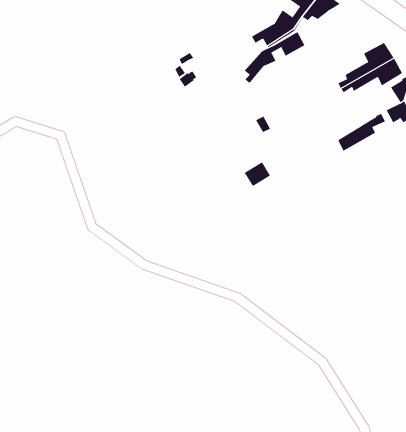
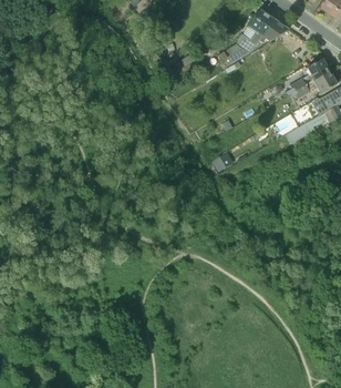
building: [244,31,305,84] -> none

